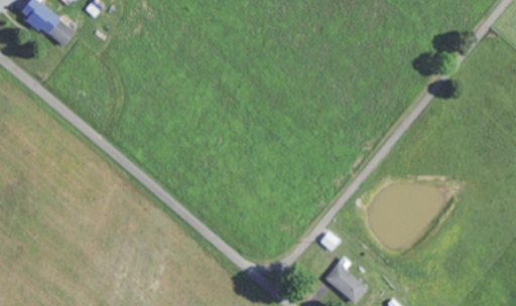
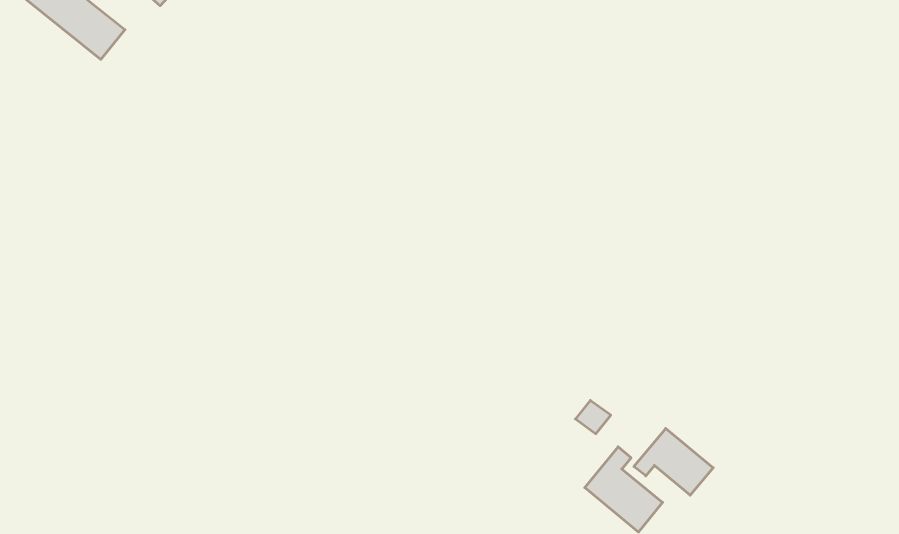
building: none -> [634,428,713,495]

